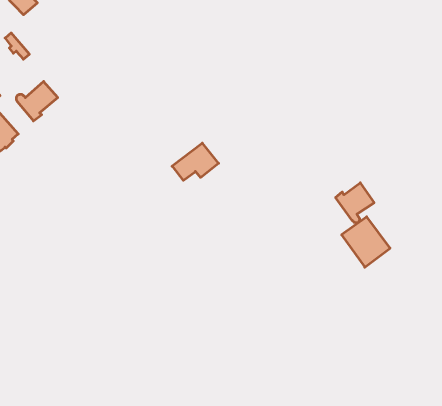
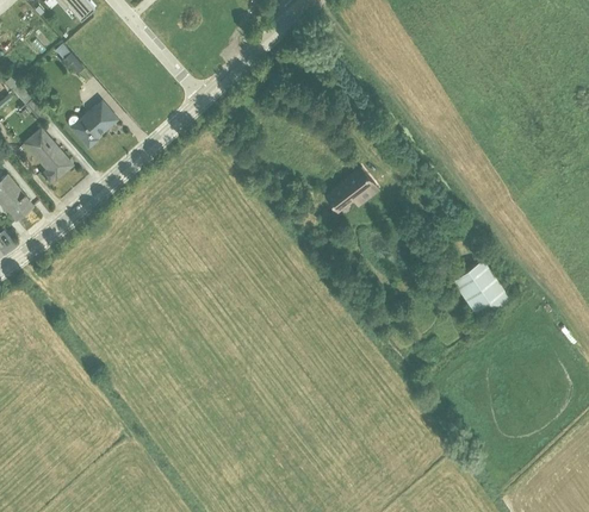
building: [172,143,219,180] -> [324,167,379,211]
building: [336,183,374,223] -> none

